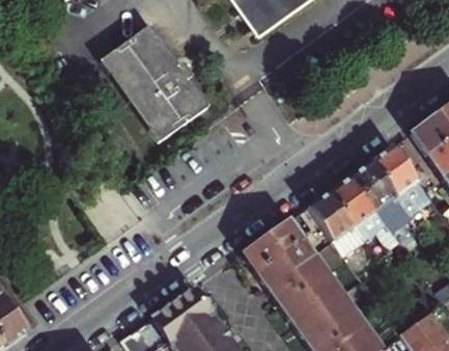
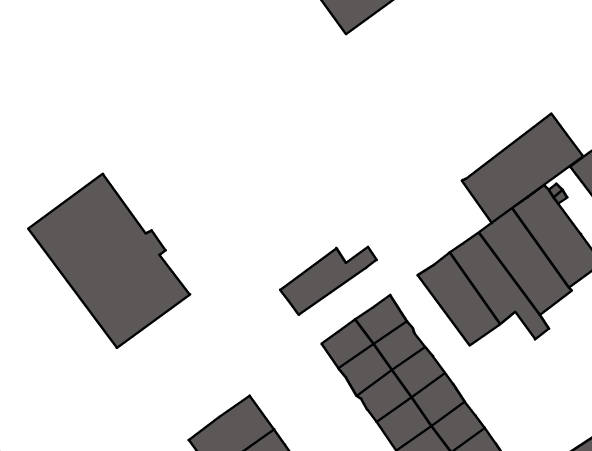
building: [100,25,209,143] -> [28,174,190,348]
building: none -> [462,114,583,223]
building: none -> [280,247,377,315]

